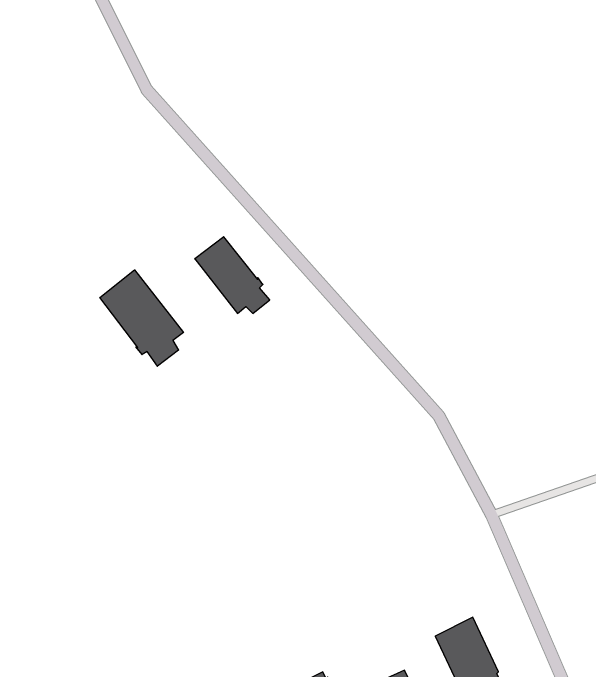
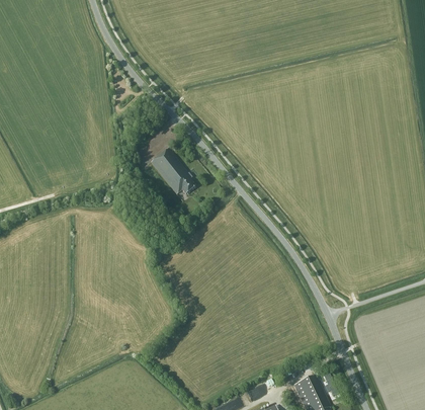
building: [100,270,183,366] -> none

